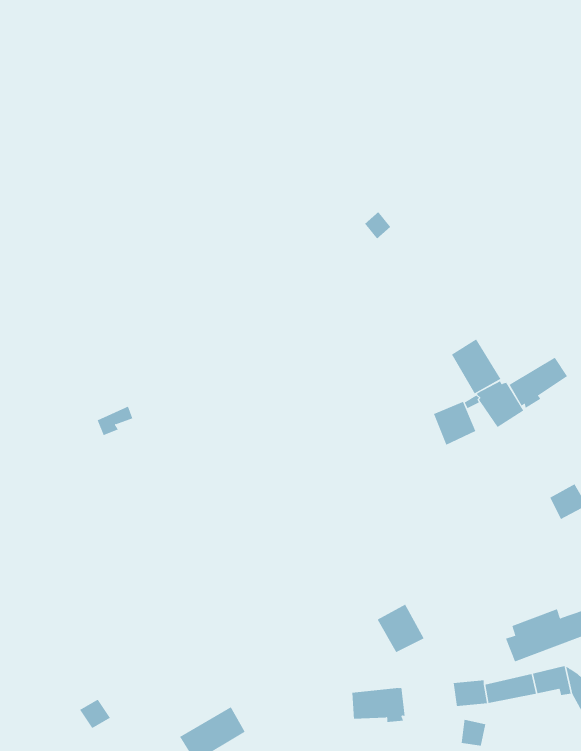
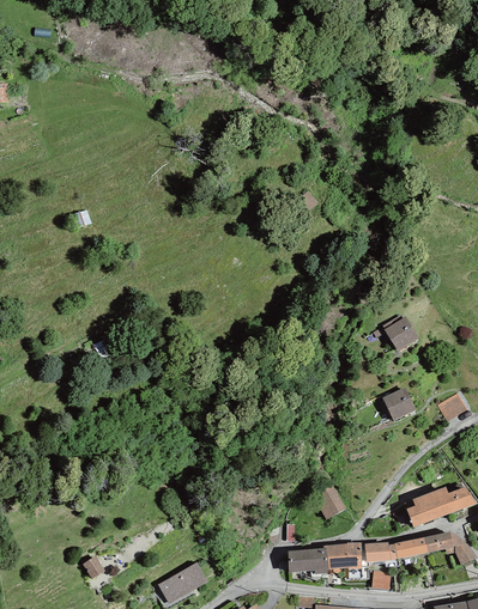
building: [451,338,501,394] -> none
building: [509,357,568,409] -> none
building: [433,401,476,446] -> [383,386,416,420]
building: none -> [323,541,363,578]

